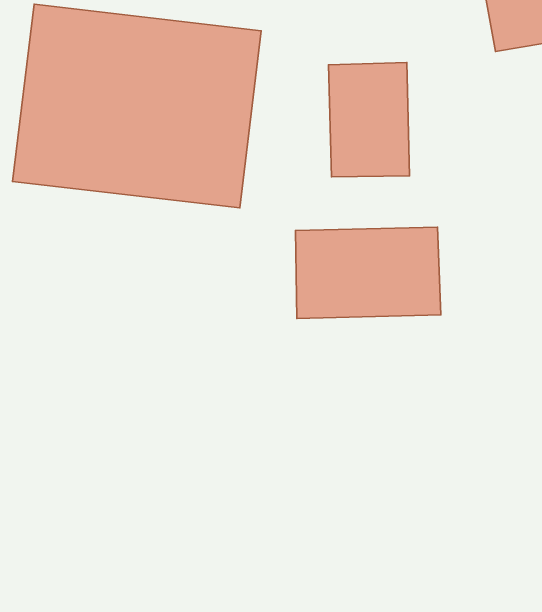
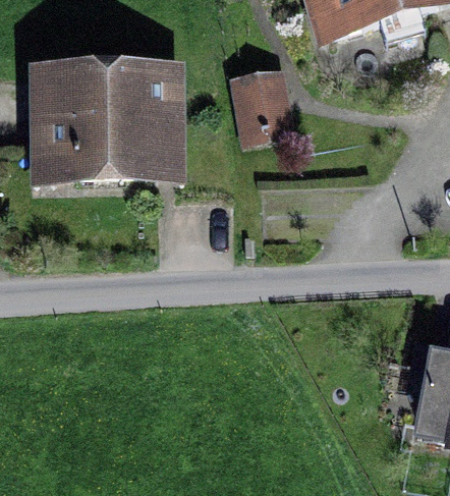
building: [295,227,441,318] -> none

